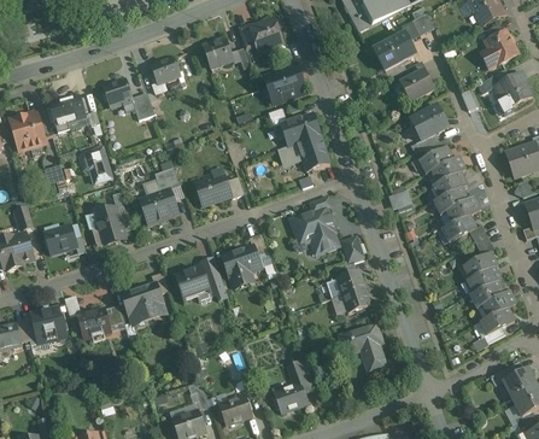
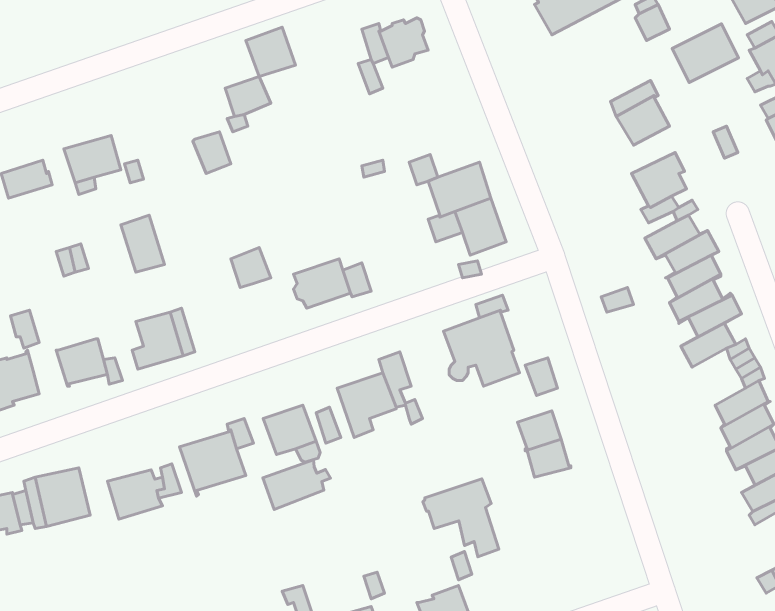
building: [373,33,415,70] -> [672,24,739,83]
building: [201,36,233,68] -> [246,27,295,77]
building: [263,65,305,104] -> none
building: [102,77,131,107] -> none
building: [13,127,46,152] -> none
building: [139,189,177,224] -> none
building: none -> [263,460,330,510]
building: [338,323,386,373] -> [423,479,499,557]

